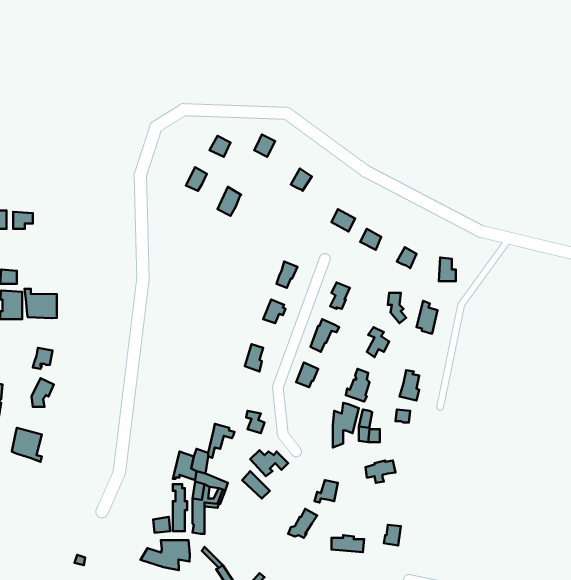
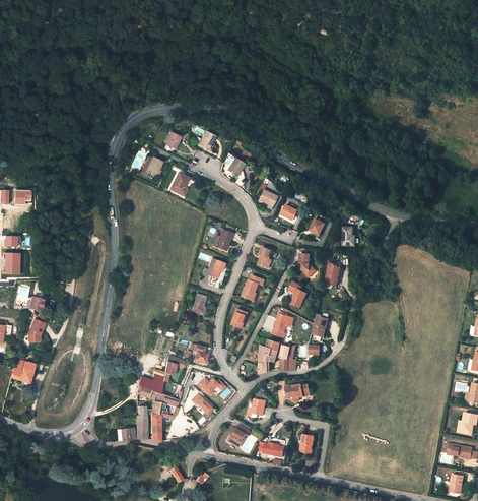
building: [24,289,57,318] -> none
building: [140,540,190,570] -> none

